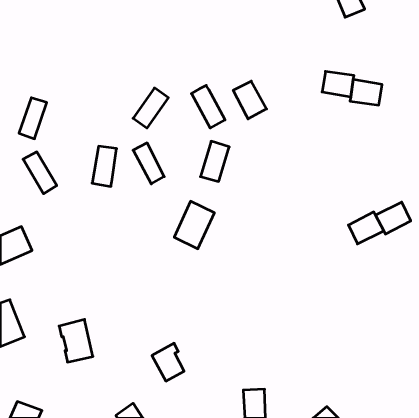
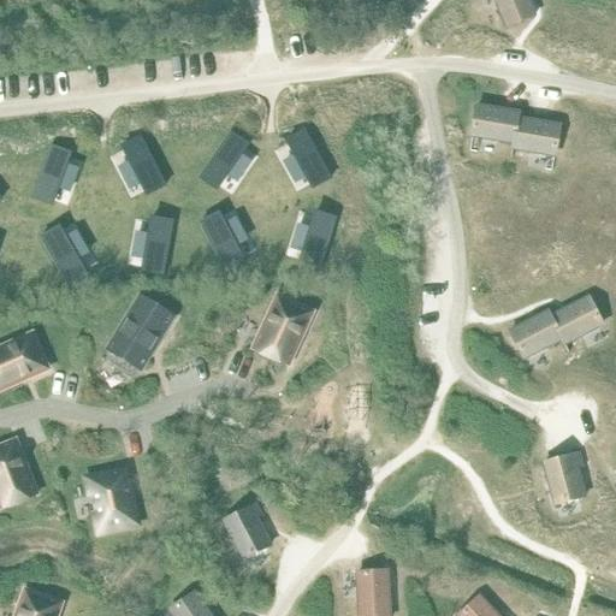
building: [233,81,267,119] -> none
building: none -> [117,132,164,194]
building: none -> [108,296,173,368]
building: none -> [545,452,586,503]

